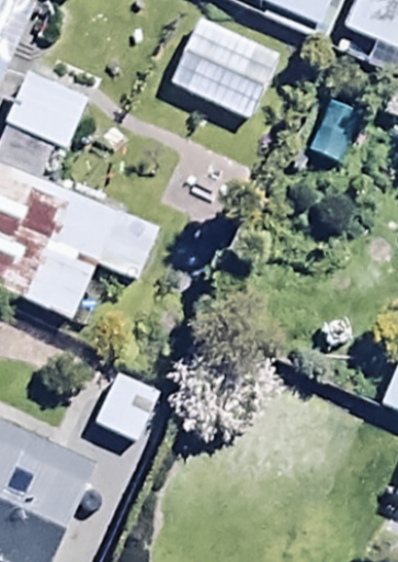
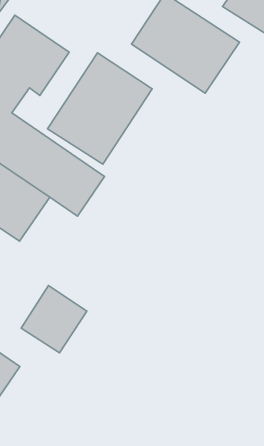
building: none -> [48,53,152,164]

